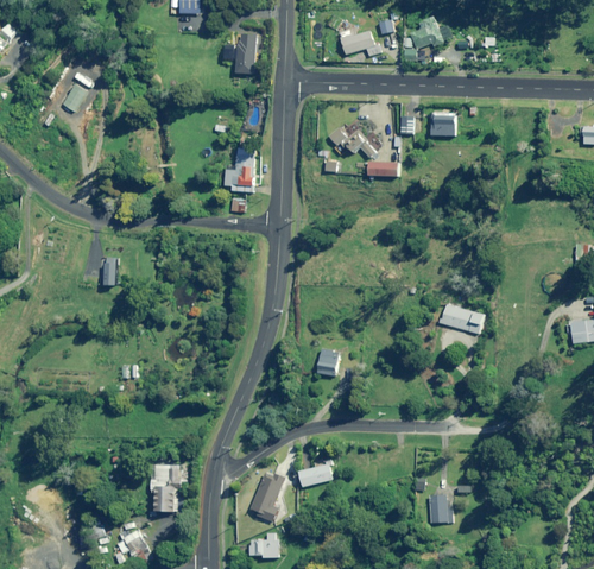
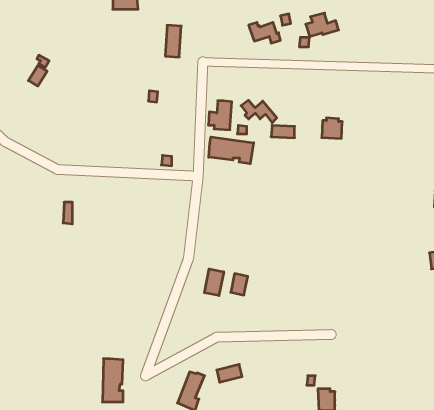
building: [430,109,456,135] -> [322,118,342,138]
building: [225,154,254,191] -> [208,101,232,130]
building: none -> [209,137,254,164]
building: [440,304,481,333] -> none
building: none -> [204,269,224,296]

